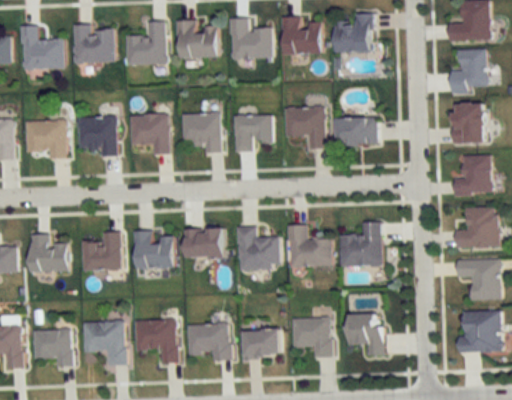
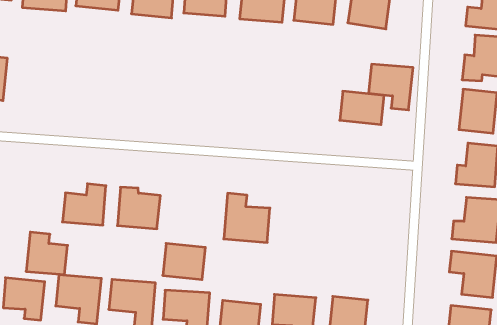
building: [285,106,325,147] -> [369,64,413,110]
building: [182,113,221,152] -> none
building: [131,114,168,153] -> none
building: [235,115,272,151] -> none
building: [78,117,117,155] -> none
building: [26,120,66,158] -> none
building: [340,222,381,266] -> none
building: [289,225,331,267] -> none
building: [184,228,222,259] -> [163,243,205,280]
building: [30,234,67,272] -> [26,232,68,274]

